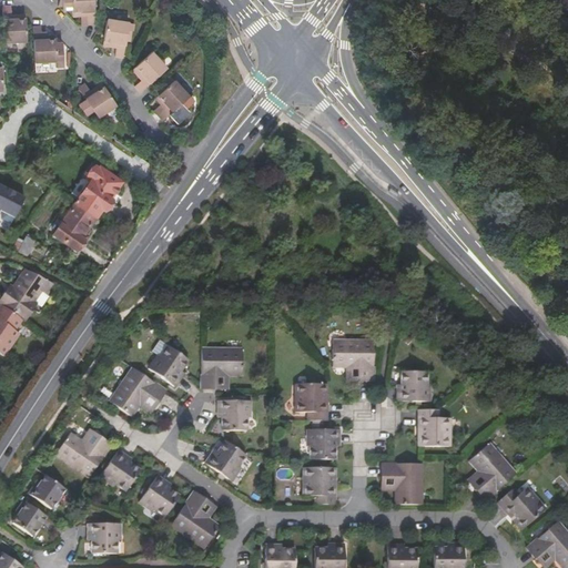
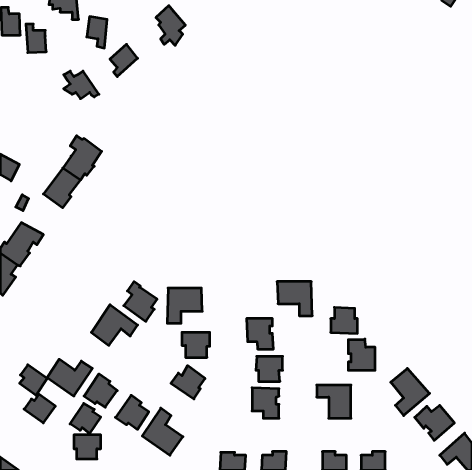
building: [153,75,189,123] -> [156,6,185,45]
building: none -> [70,403,101,434]
building: [13,499,47,536] -> [20,365,47,395]

